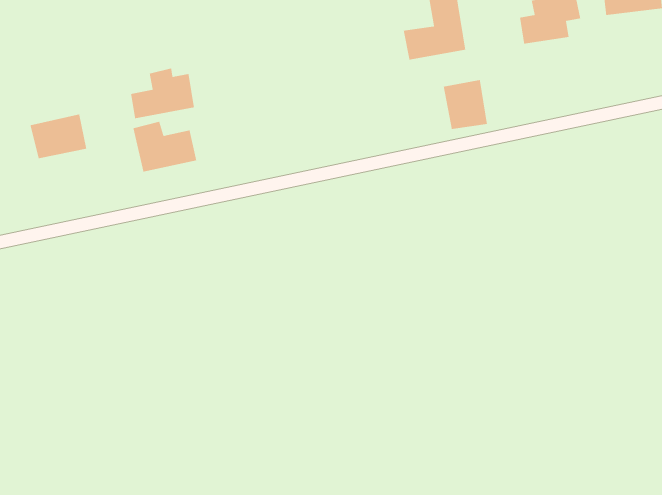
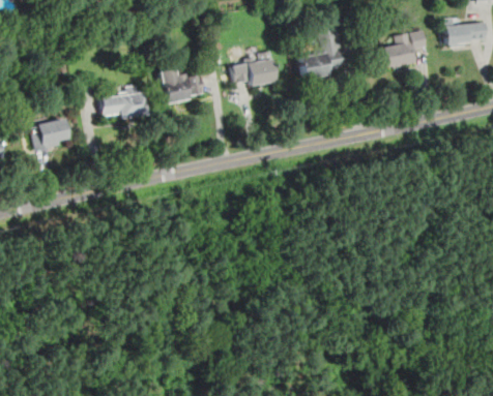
building: none -> [232,57,276,88]
building: [443,79,488,130] -> none
building: [133,121,197,172] -> [158,67,205,104]

